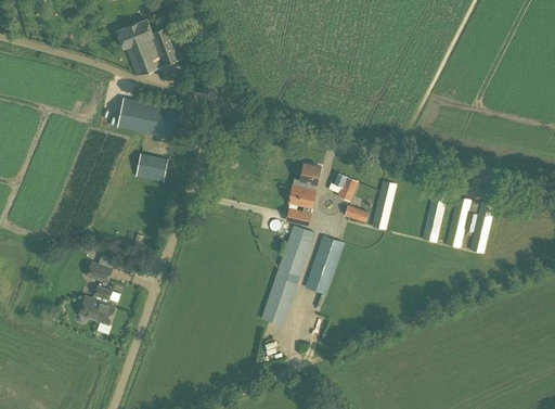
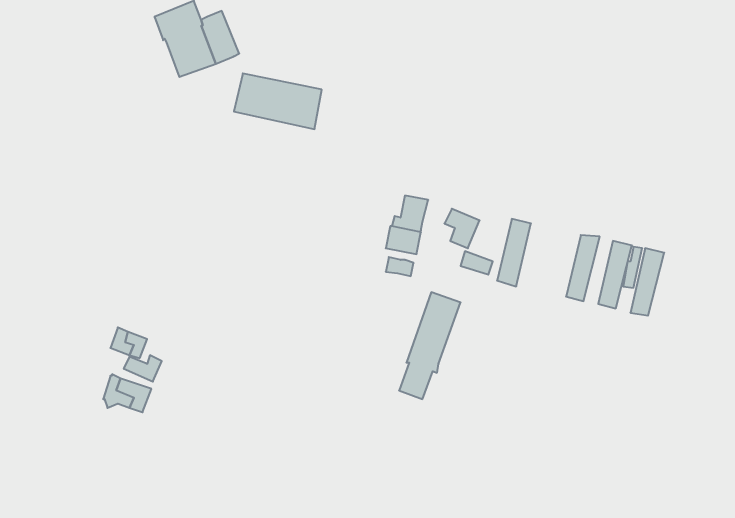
building: [117,98,182,139] -> [234,73,322,129]
building: [135,153,167,181] -> none
building: [260,225,314,325] -> none

